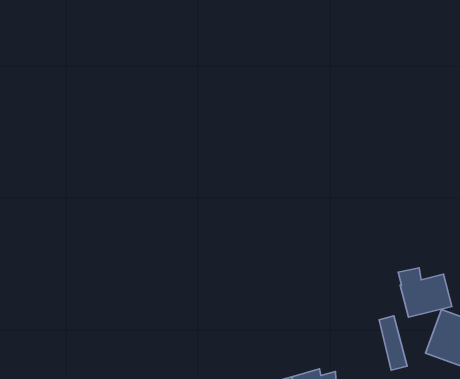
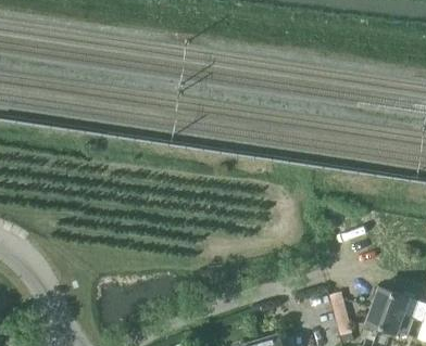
building: [398,268,452,317] -> none

